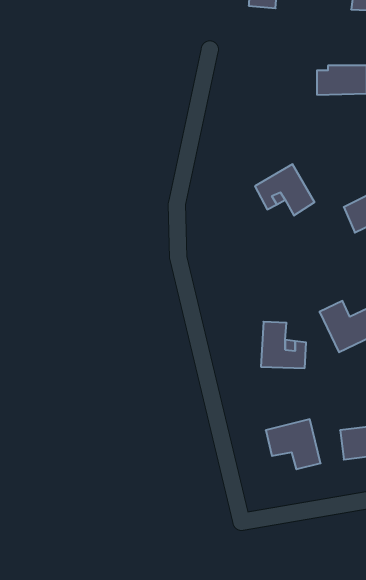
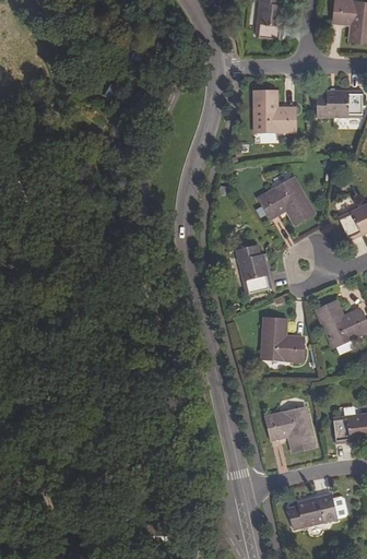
building: none -> [252,91,293,132]
building: none -> [237,246,272,294]
building: none -> [293,493,341,530]

